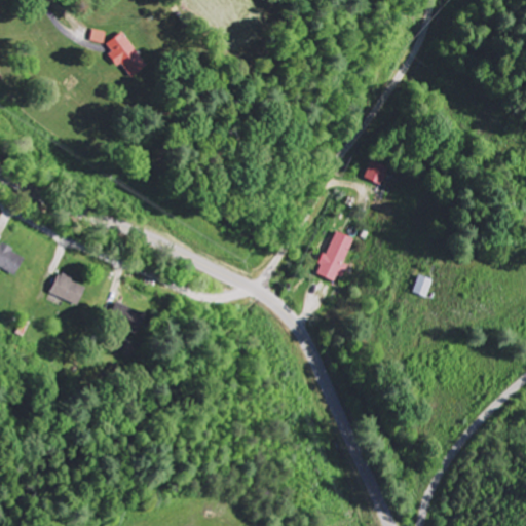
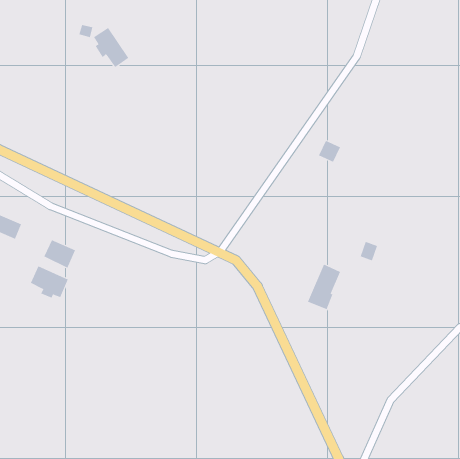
building: [314,229,352,281] -> [307,264,341,310]
building: none -> [30,266,68,298]

